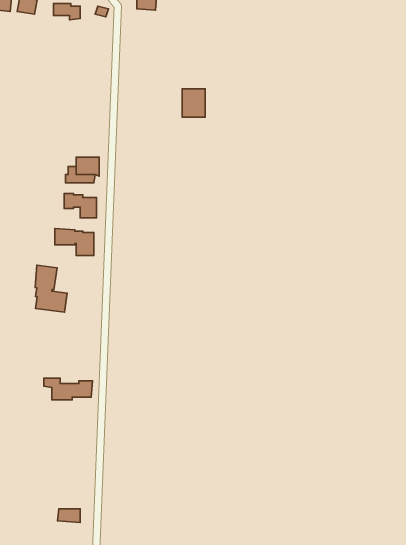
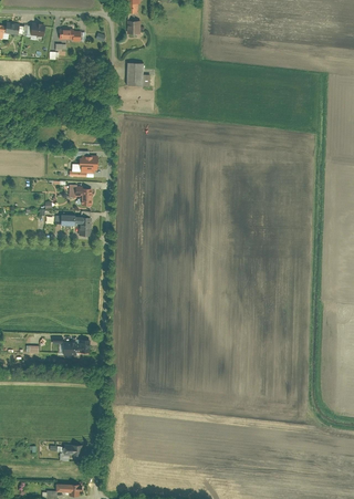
building: [182,89,205,117] -> [125,62,144,85]
building: [35,265,67,312] -> none

